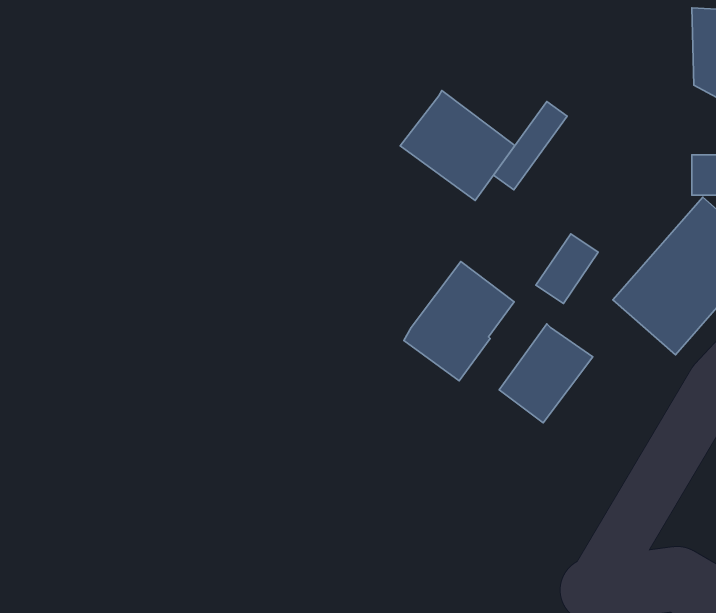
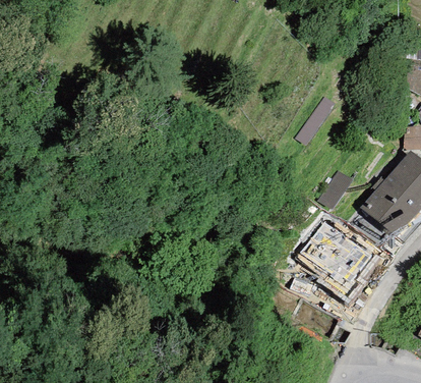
building: [400,90,515,200] -> none
building: [404,261,514,381] -> [317,238,378,305]

